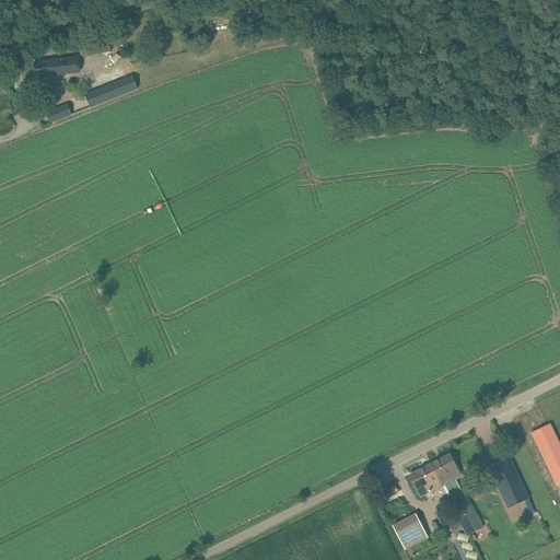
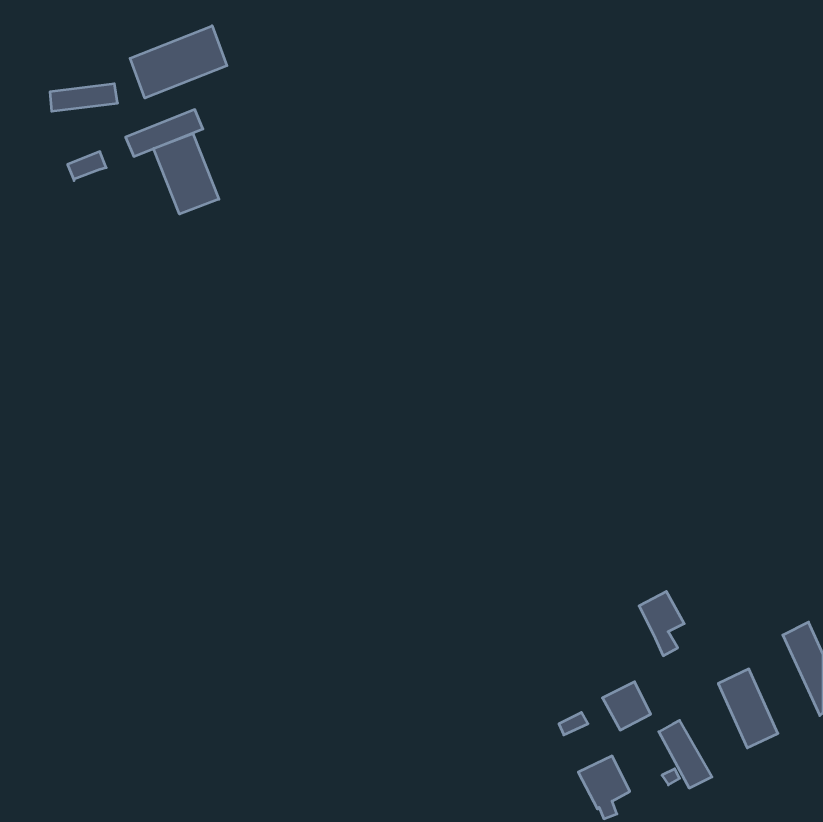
building: none -> [130,26,227,98]
building: none -> [154,134,219,214]
building: [431,453,462,497] -> [639,591,684,656]

